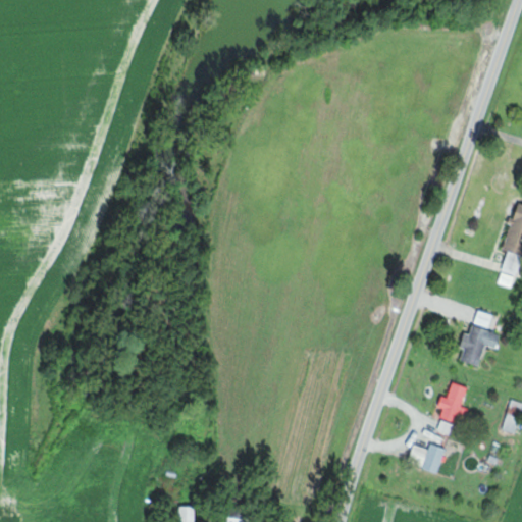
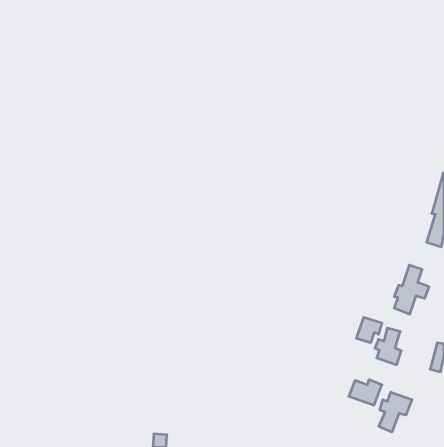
building: none -> [356,317,382,343]
building: none -> [379,392,412,432]

